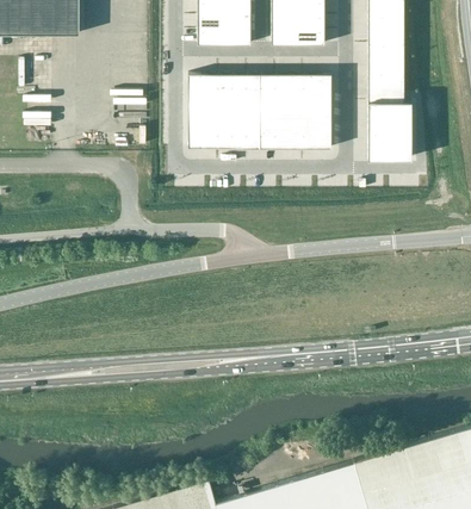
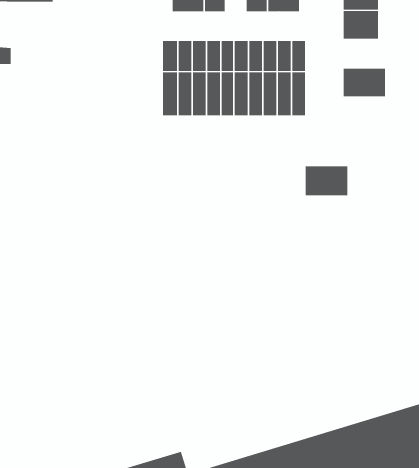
building: [367,72,403,100] -> none
building: [367,129,410,159] -> [305,166,348,196]

